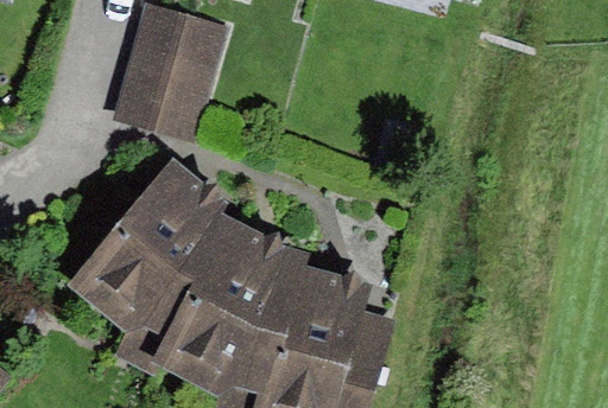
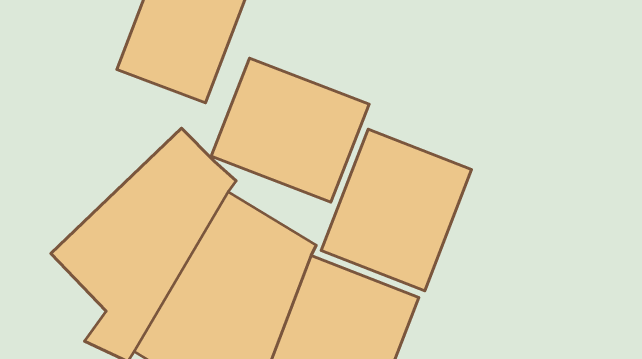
building: none -> [211,58,369,202]
building: none -> [321,129,472,291]

